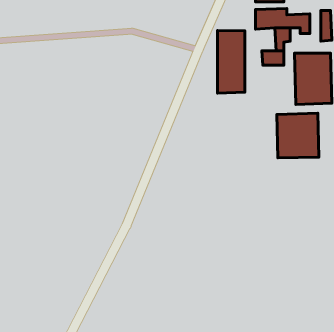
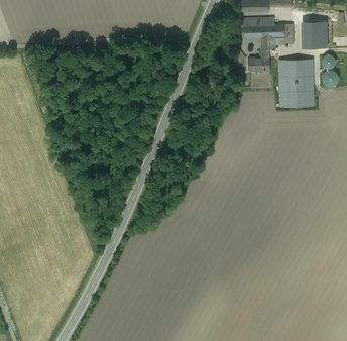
building: [218,31,245,93] -> none
building: [277,113,319,158] -> none

